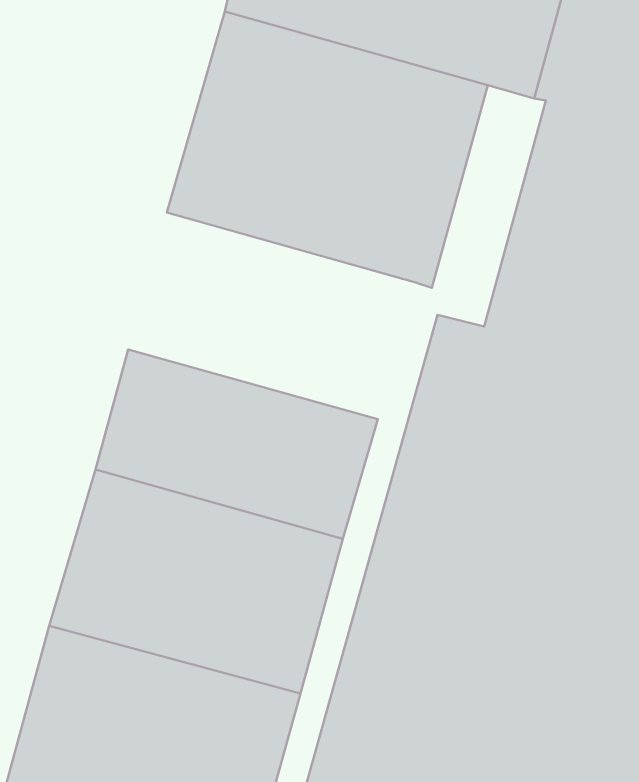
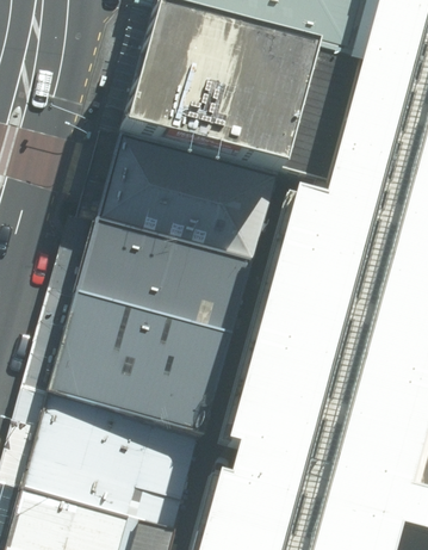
building: none -> [97,141,273,268]

